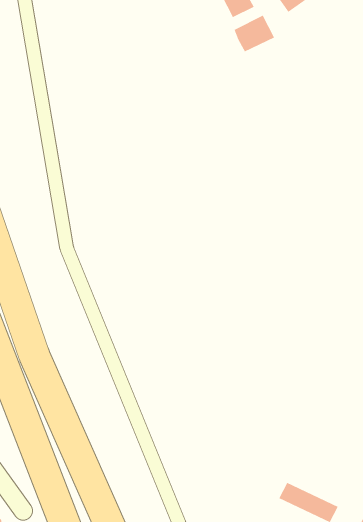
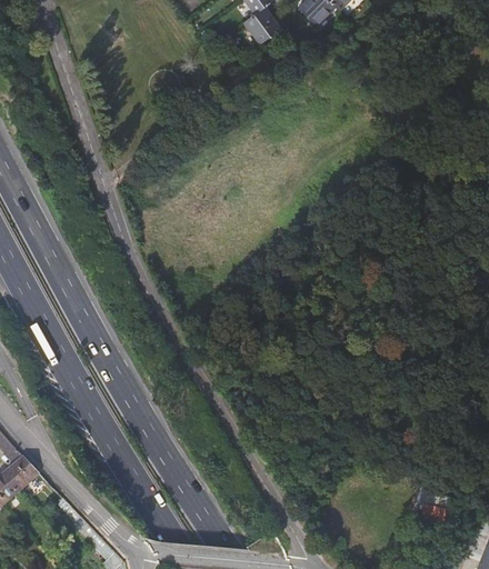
building: [233,15,275,52] -> none

